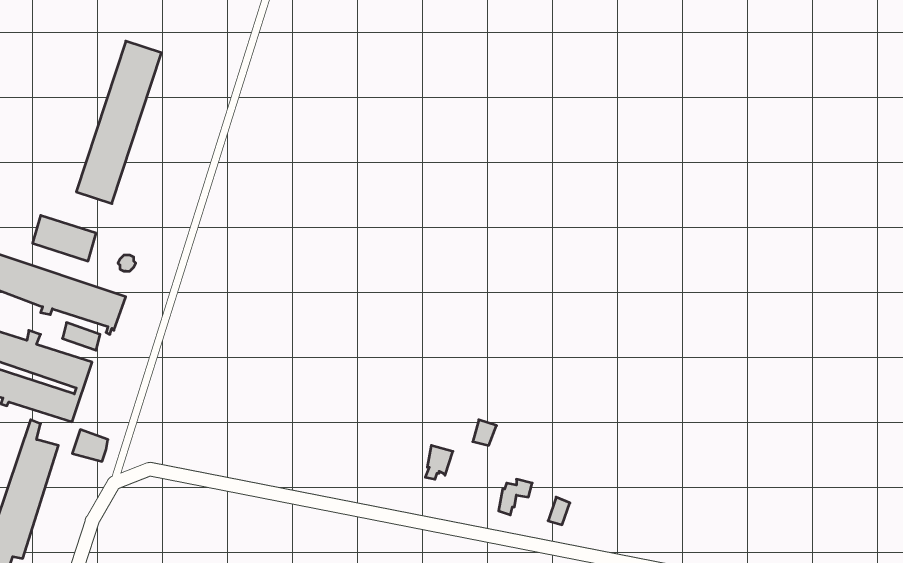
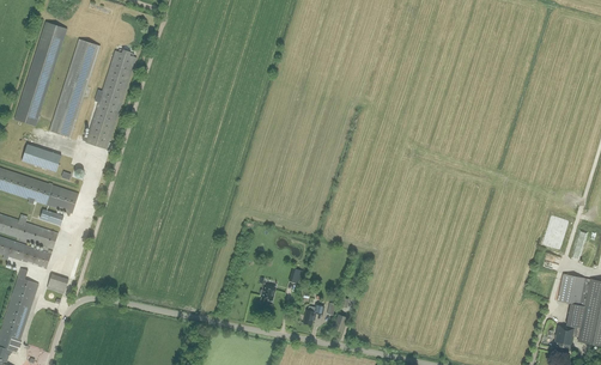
building: none -> [13,20,67,126]
building: none -> [81,48,135,148]

